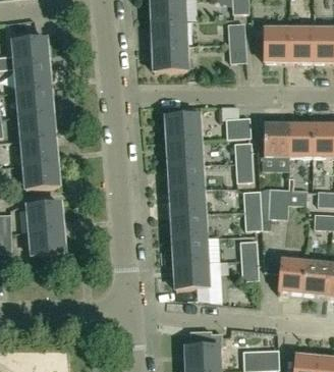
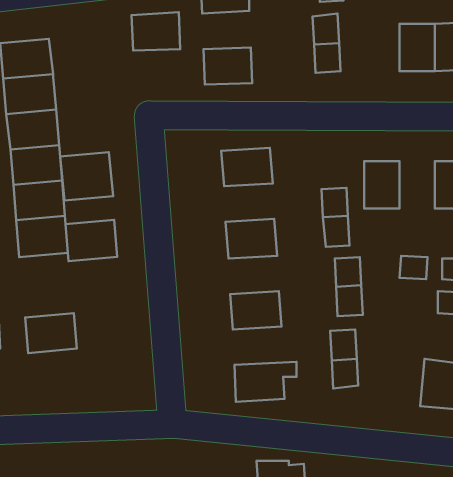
building: [152,19,185,46] -> [132,12,180,51]
building: [264,29,288,61] -> none
building: [226,116,252,139] -> none
building: none -> [60,152,113,201]
building: [288,123,313,156] -> none
building: [167,139,202,165] -> none
building: [269,188,289,218] -> none
building: [170,189,205,215] -> none
building: [27,203,63,231] -> [66,220,117,261]
building: [173,237,217,264] -> none
building: [278,258,305,293] -> none

